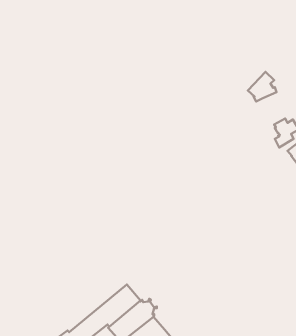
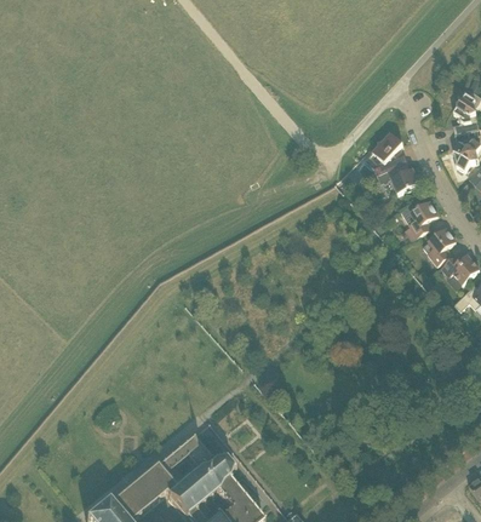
building: none -> [386,162,418,194]

